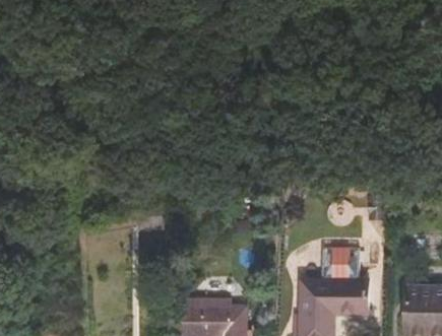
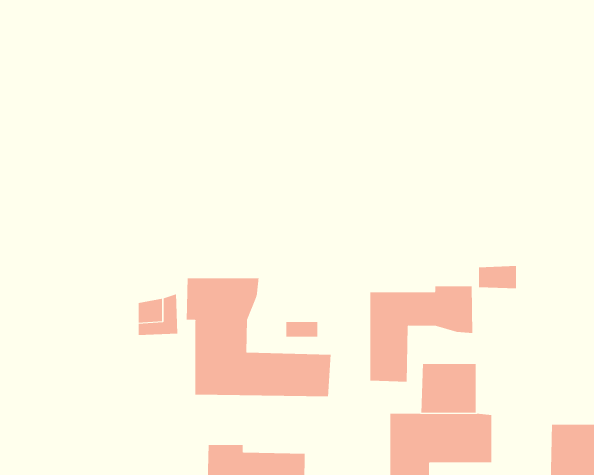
building: none -> [186,277,331,397]
building: none -> [370,285,473,383]

